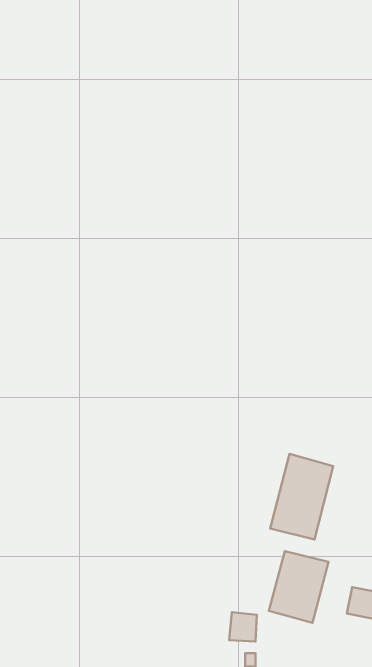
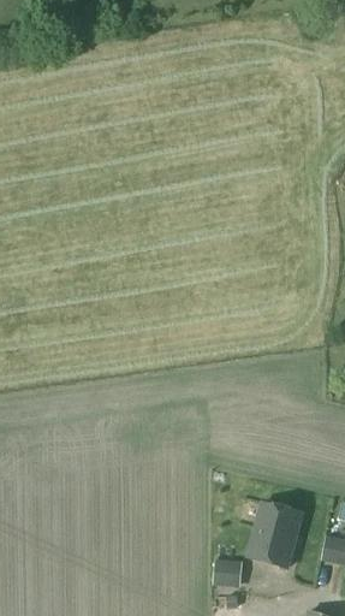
building: [270,454,333,539] -> none

